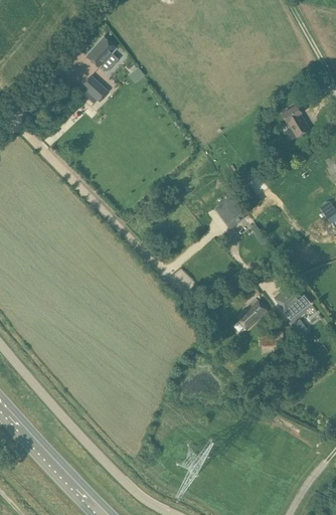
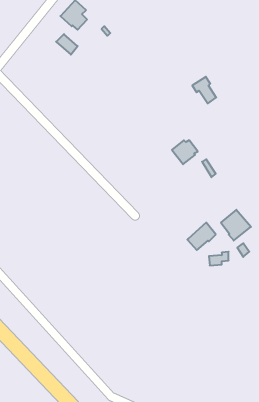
building: [280,105,308,136] -> [192,77,216,103]

